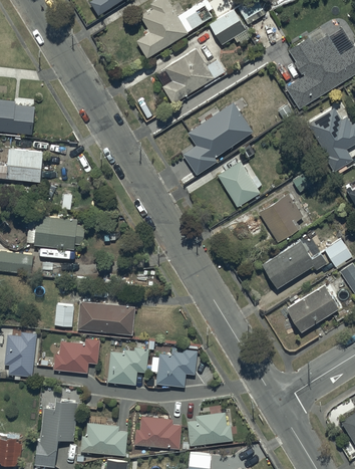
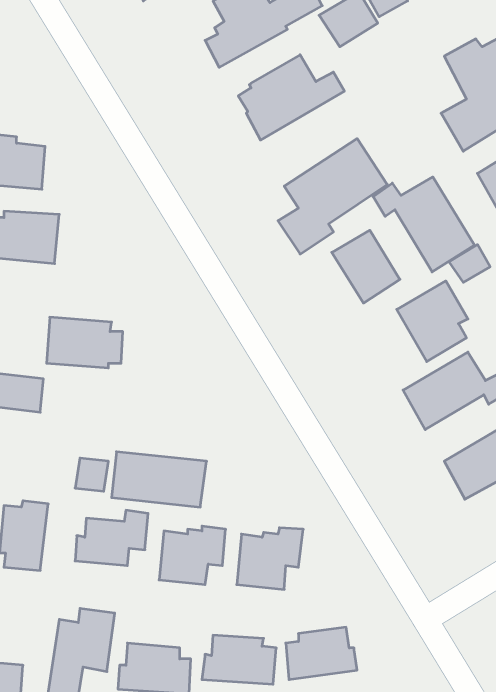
building: none -> [373,177,474,272]

